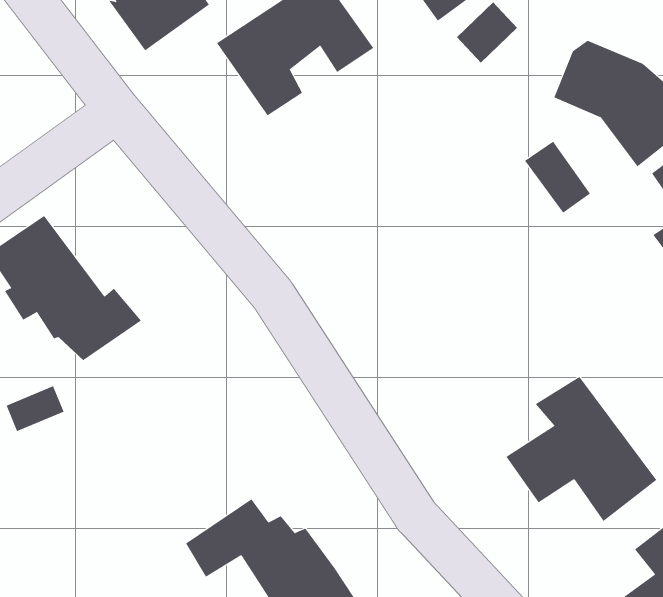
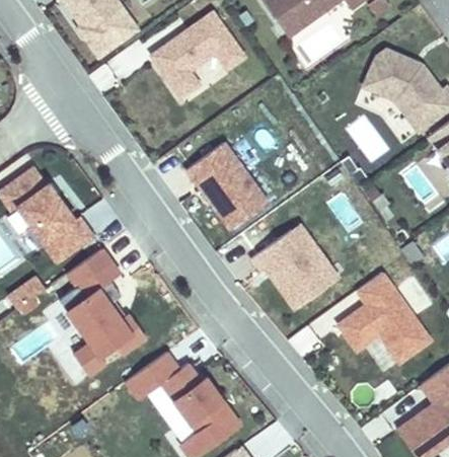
building: none -> [183,142,269,233]
building: none -> [248,224,341,310]
building: none -> [61,247,148,373]

